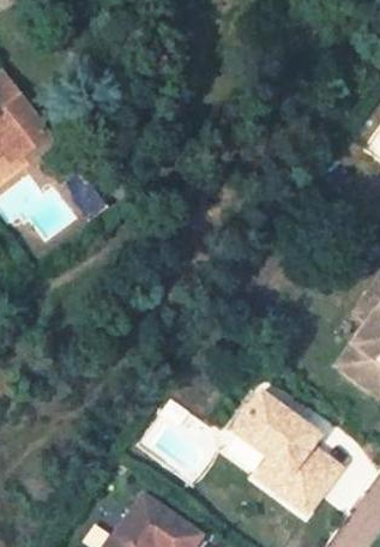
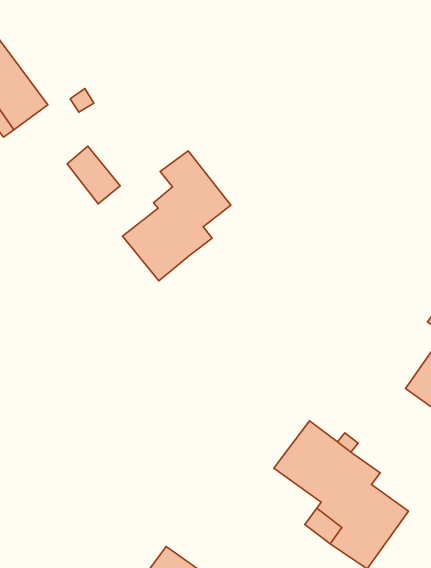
building: none -> [123,151,231,281]

